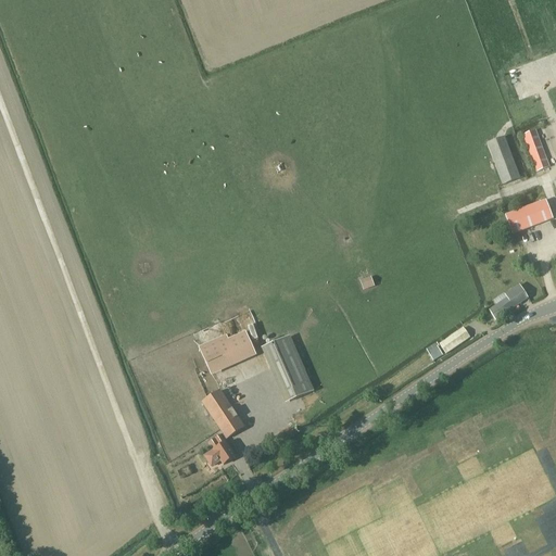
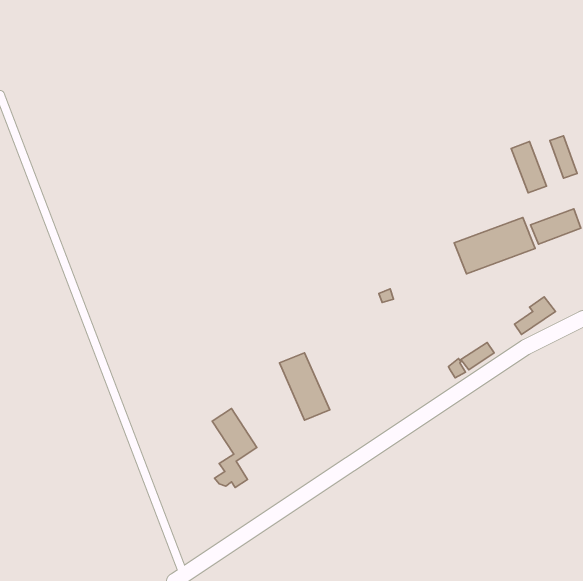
building: none -> [454,218,535,274]
building: [199,329,256,375] -> none

